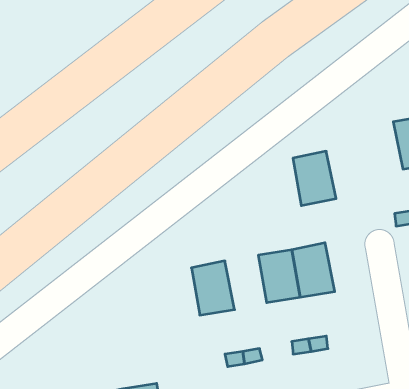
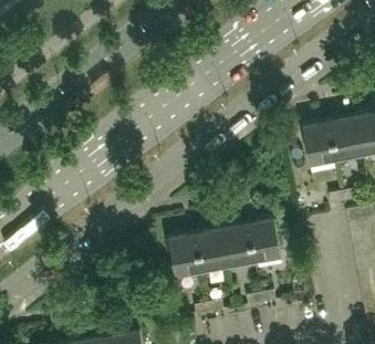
building: [293,151,336,206] -> [301,123,335,166]
building: none -> [194,229,227,272]

